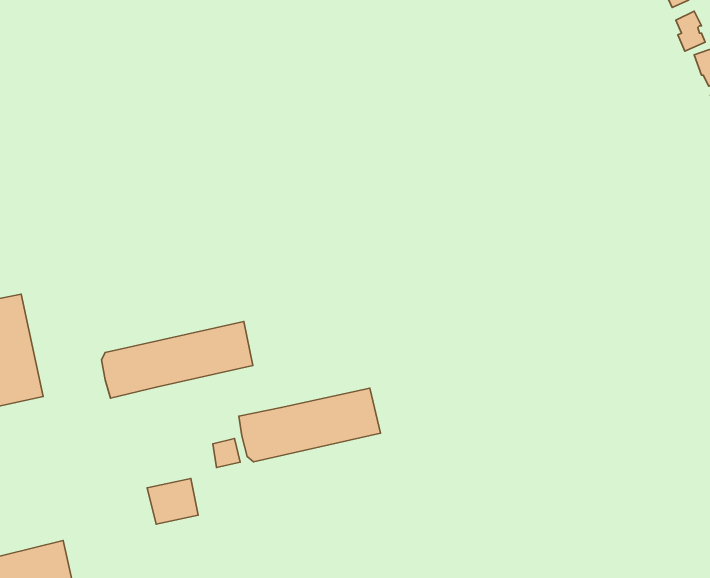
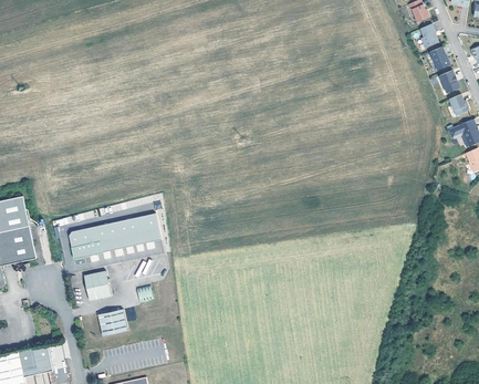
building: [239,388,381,462] -> none
building: none -> [84,270,112,299]

